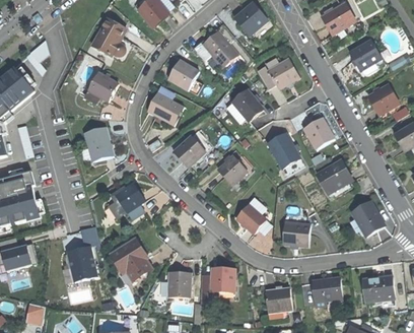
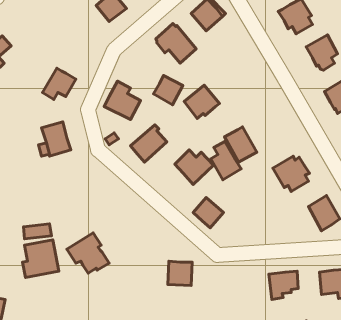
building: [92,21,127,62] -> none
building: [257,58,299,89] -> none
building: [168,60,198,89] -> [153,76,183,105]
building: [303,111,334,149] -> [211,141,241,180]
building: [115,183,144,212] -> none
building: [282,214,309,246] -> none
building: [167,272,190,297] -> none
building: [265,287,291,318] -> none

